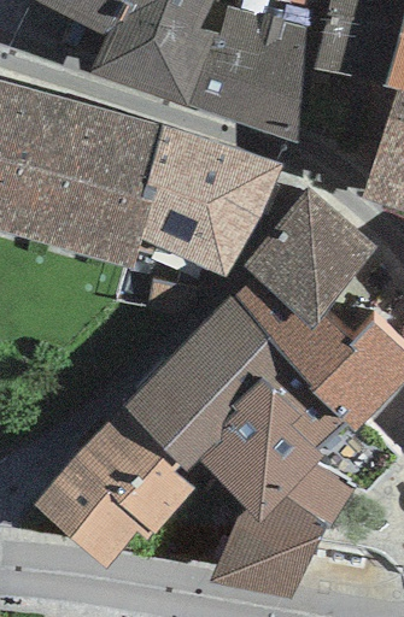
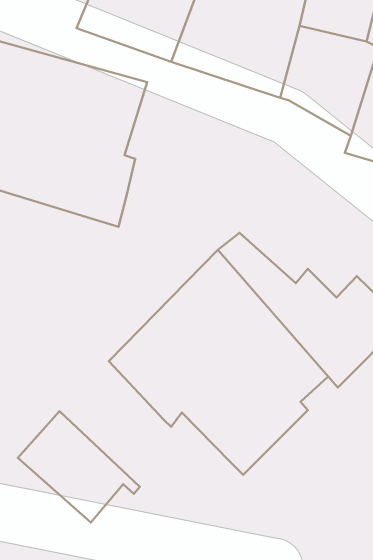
building: [141,124,283,275] -> none
building: [245,187,375,327] -> none
building: [76,405,197,531] -> none
building: [211,460,357,597] -> none

